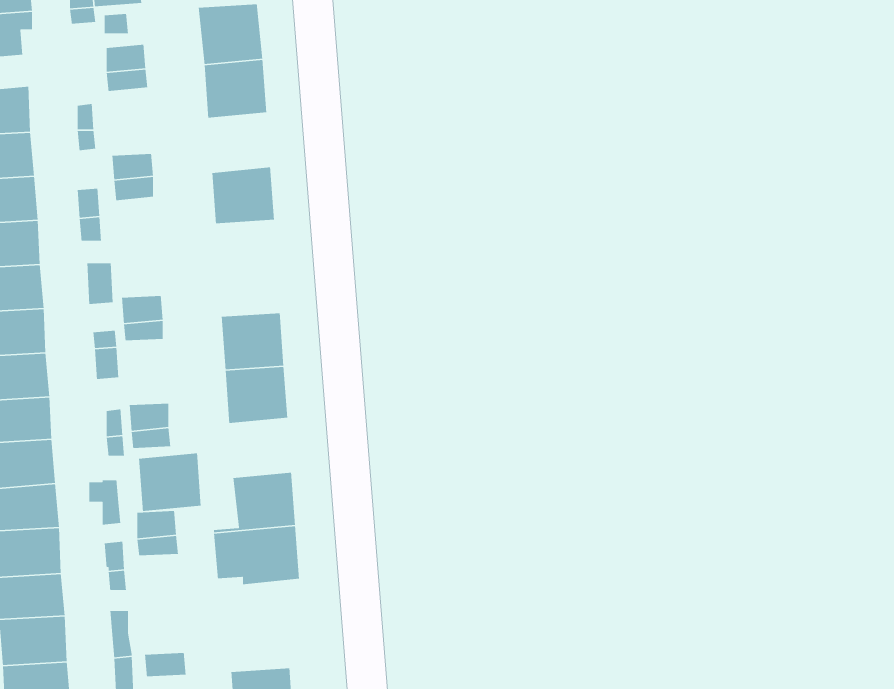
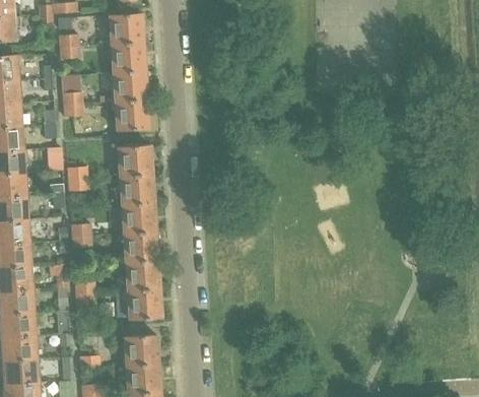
building: none -> [113,70,146,102]
building: none -> [118,143,151,178]
building: [138,452,202,512] -> [124,231,157,263]
building: none -> [123,333,156,366]

